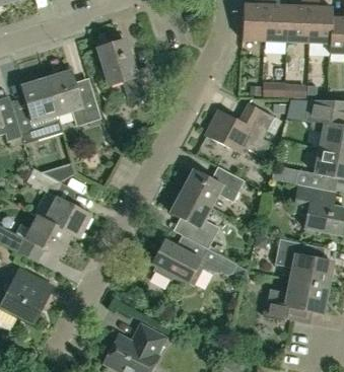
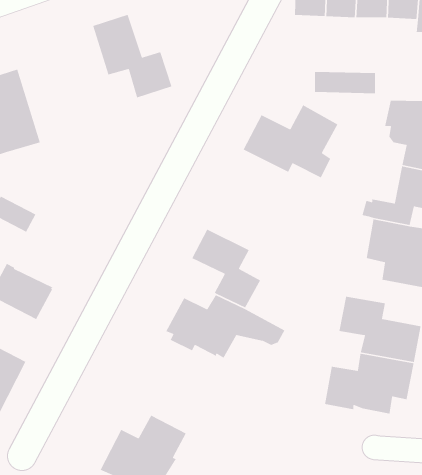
building: [46,69,100,130] -> none
building: [180,168,243,206] -> none
building: [44,196,90,237] -> none

